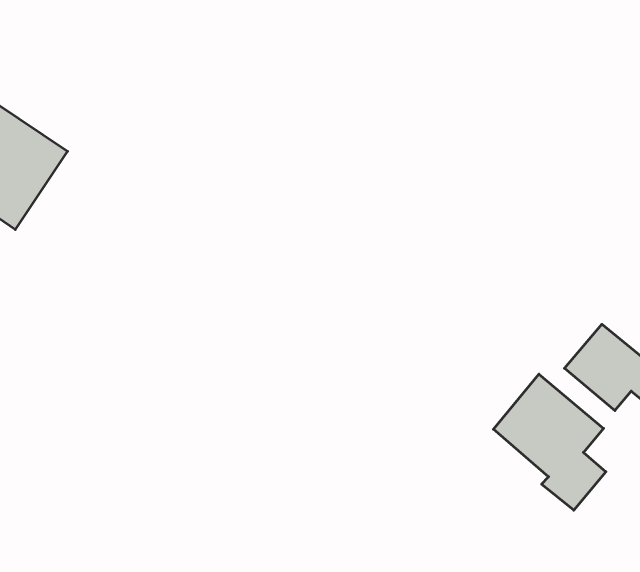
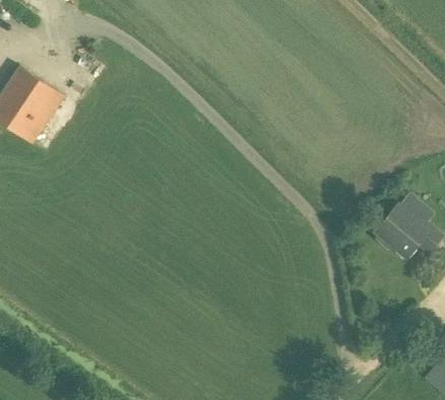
building: [493,374,606,510] -> none

